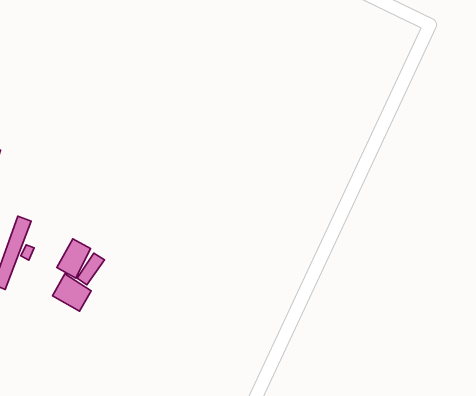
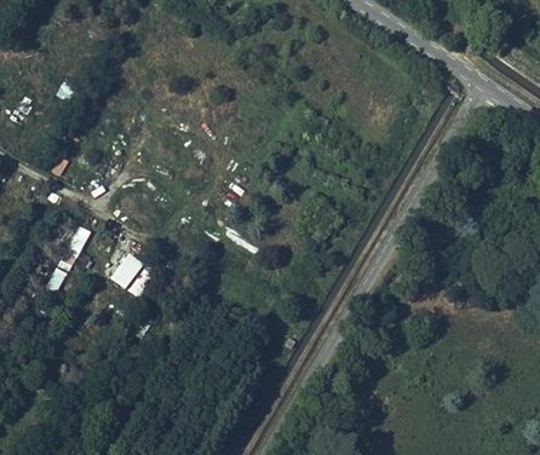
building: [52,274,91,311] -> none

